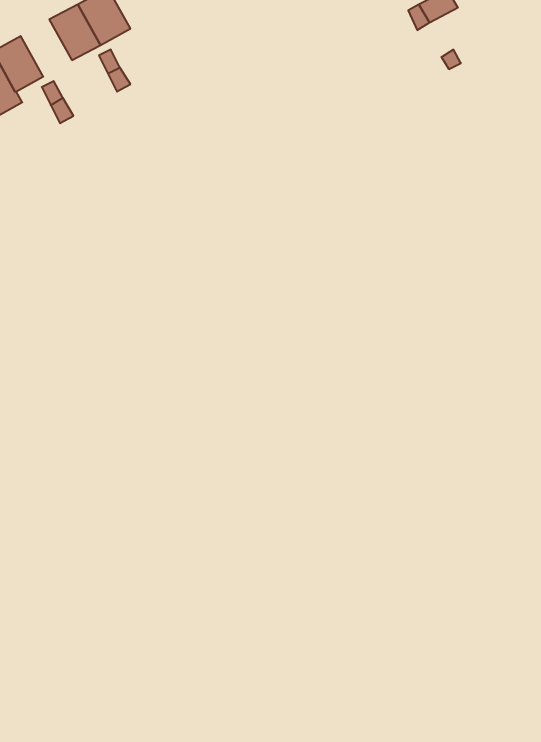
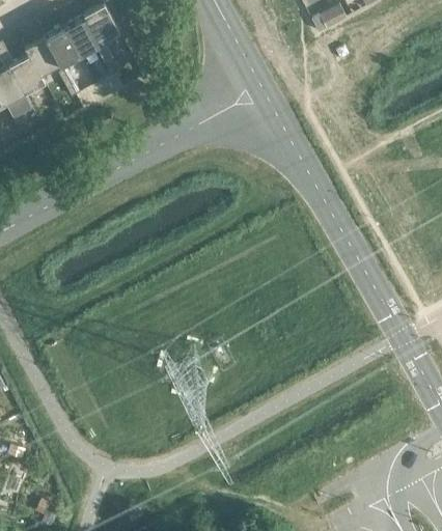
building: none -> [44,29,79,68]

